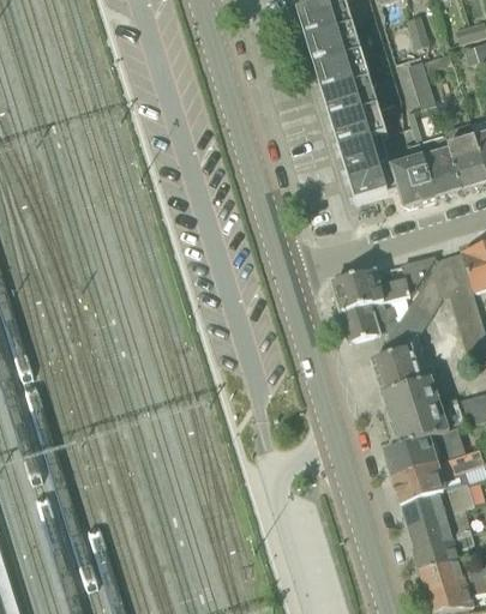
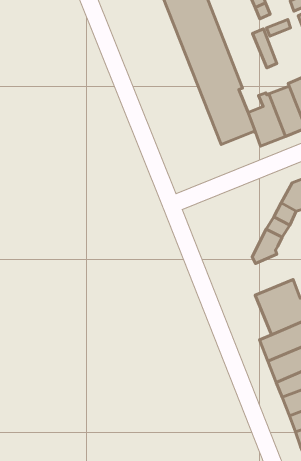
building: [334,257,436,342] -> none
building: [372,345,425,395] -> none

